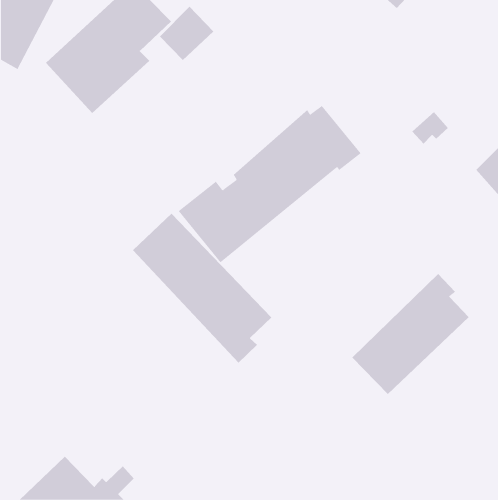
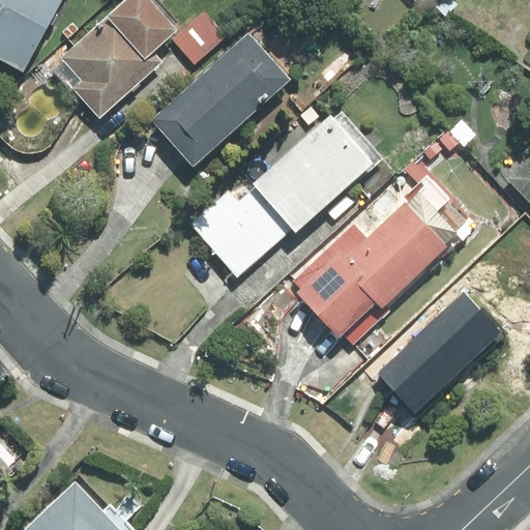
building: none -> [148,33,288,168]
building: none -> [289,161,458,340]
building: [132,213,272,364] -> none

